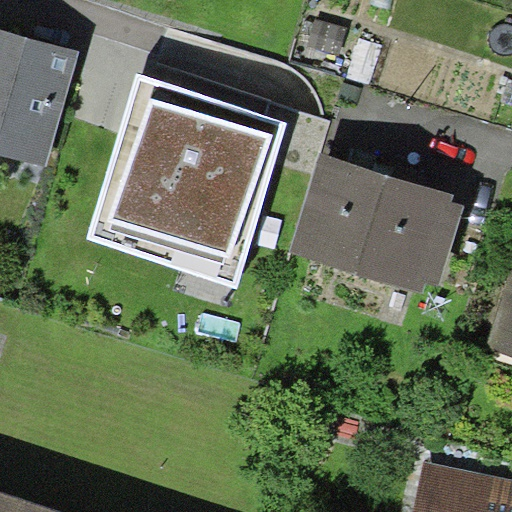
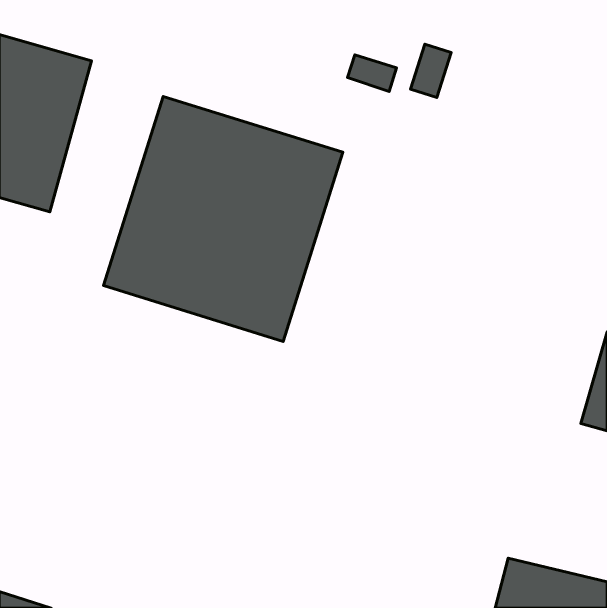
building: [268,125,471,285] -> none

